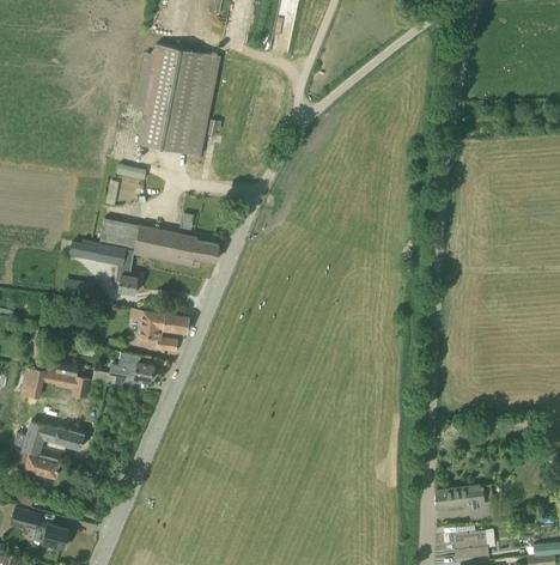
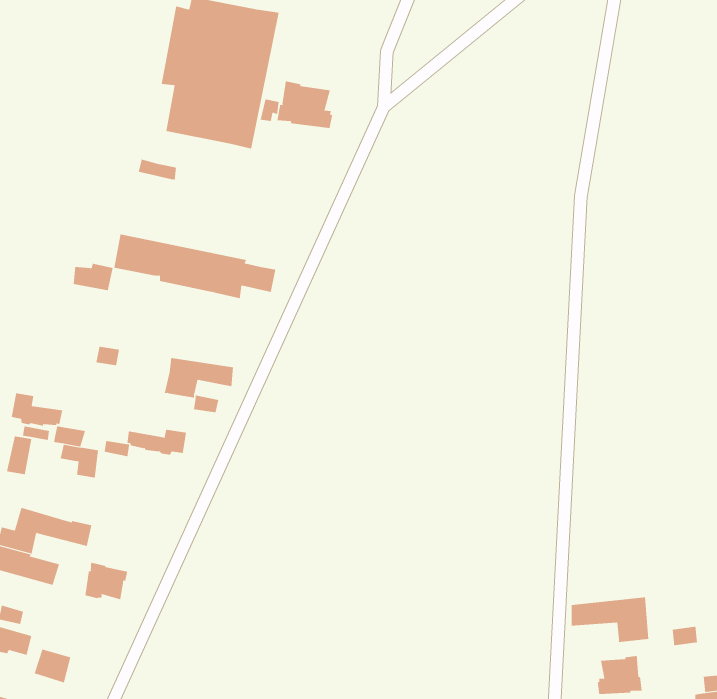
building: none -> [277,81,333,129]
building: [96,244,138,294] -> none
building: none -> [11,392,63,427]
building: none -> [85,562,128,600]

